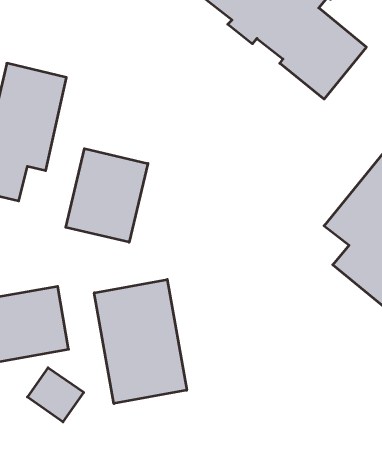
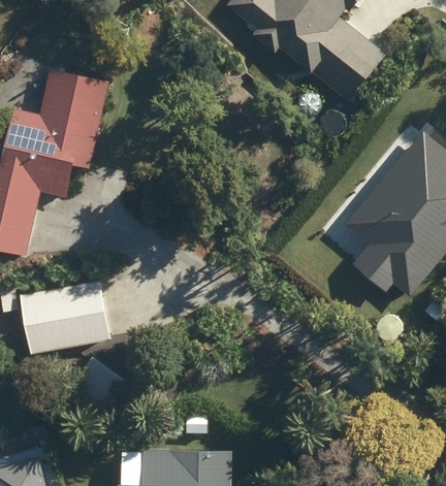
building: [66,149,148,242] -> none
building: [94,279,187,404] -> none

